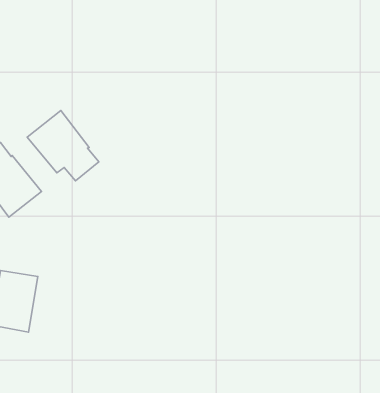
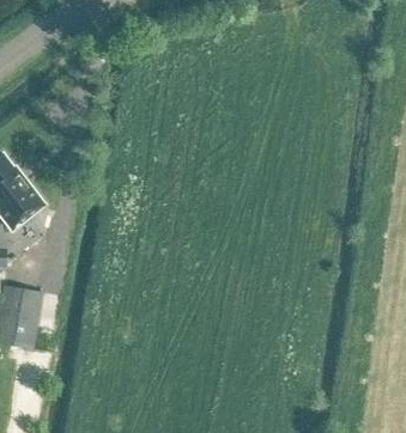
building: [27,111,99,181] -> none

